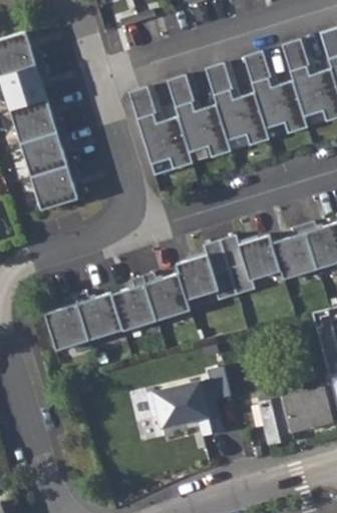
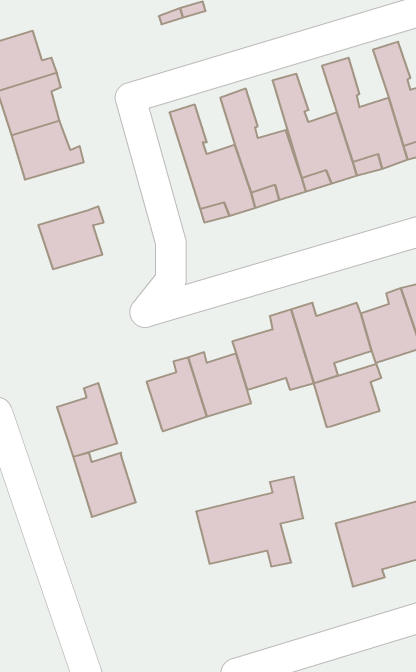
building: [20,129,68,176] -> none
building: none -> [314,364,381,427]
building: [75,292,122,340] -> [73,453,136,517]

